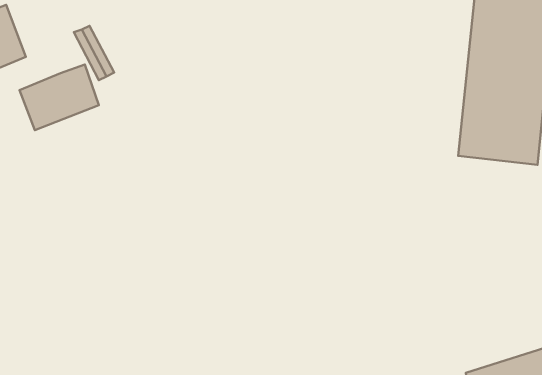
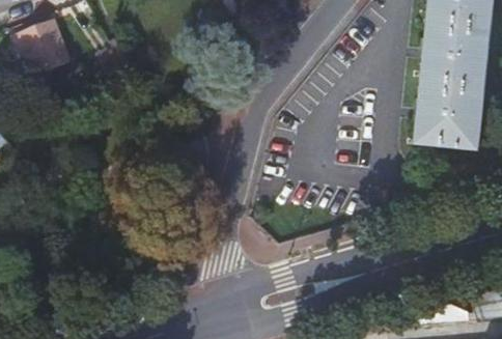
building: [20,64,99,130] -> none

